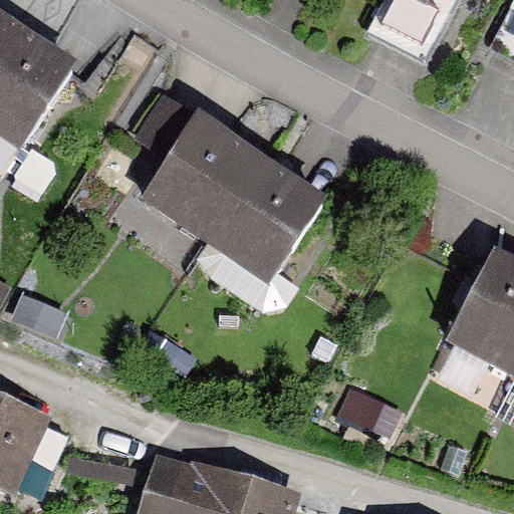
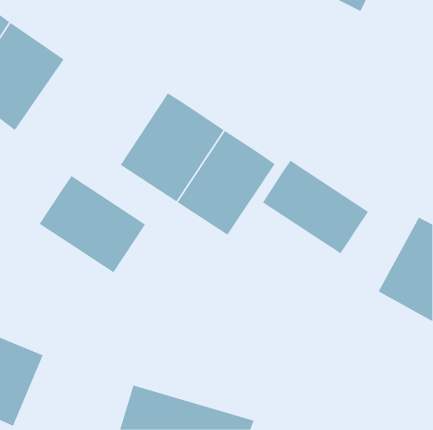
building: none -> [262,160,369,254]
building: none -> [39,175,146,273]

